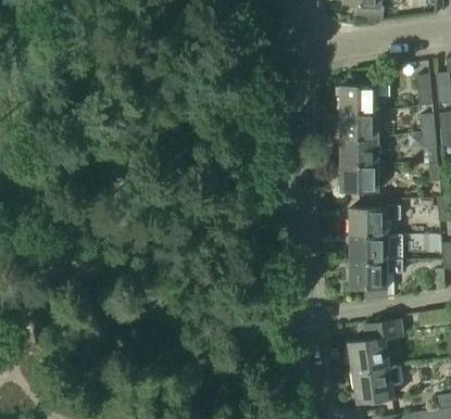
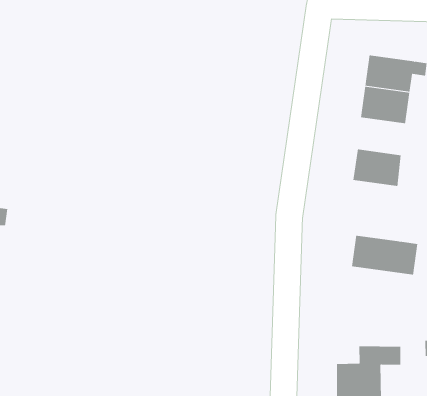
building: [339,138,377,164] -> none
building: [349,206,399,234] -> none
building: [349,261,401,297] -> none

